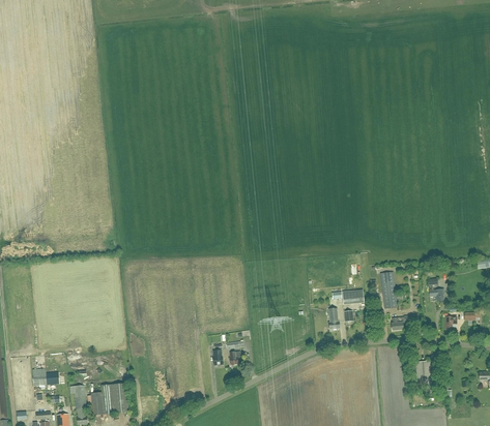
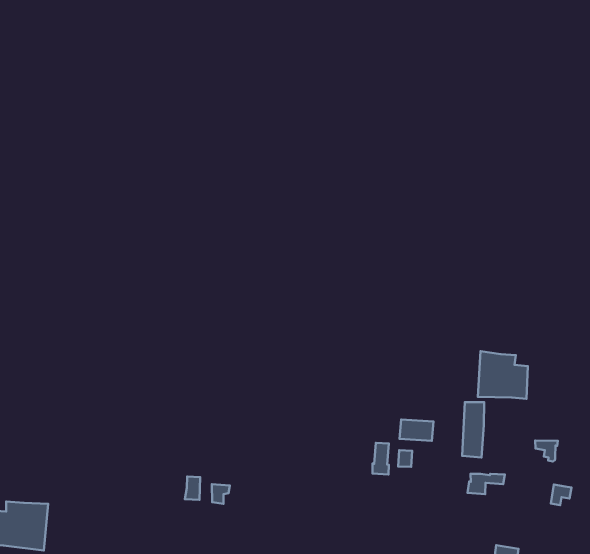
building: none -> [478,351,528,399]

